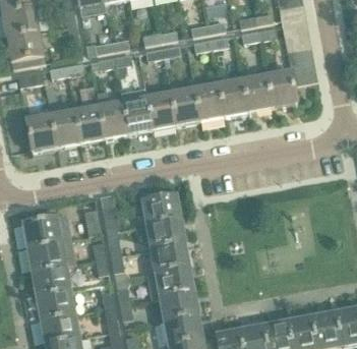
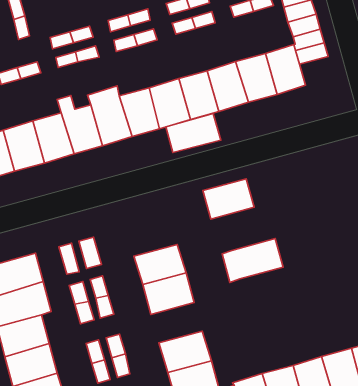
building: none -> [166,113,221,153]
building: [140,195,180,225] -> [203,179,254,219]
building: [145,267,193,298] -> [222,239,283,282]

